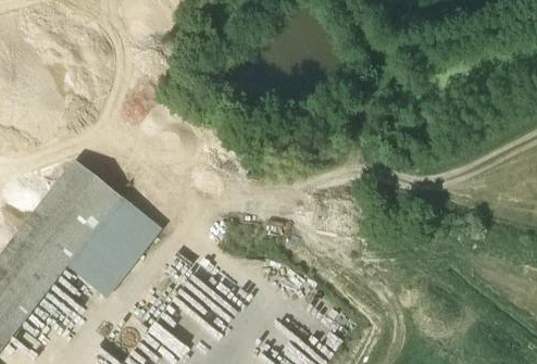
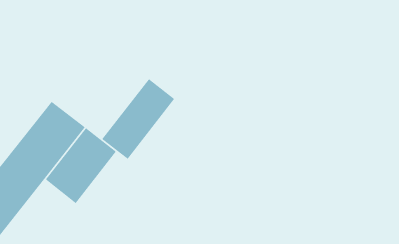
building: none -> [101,78,175,160]

